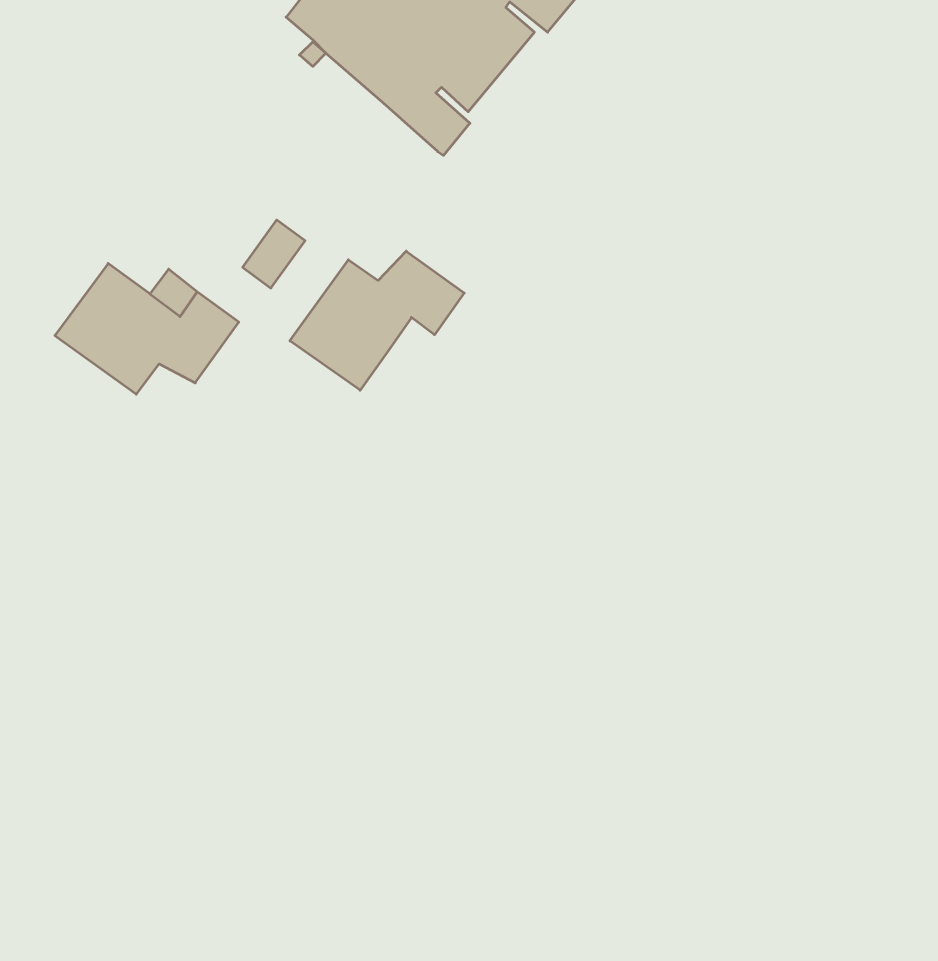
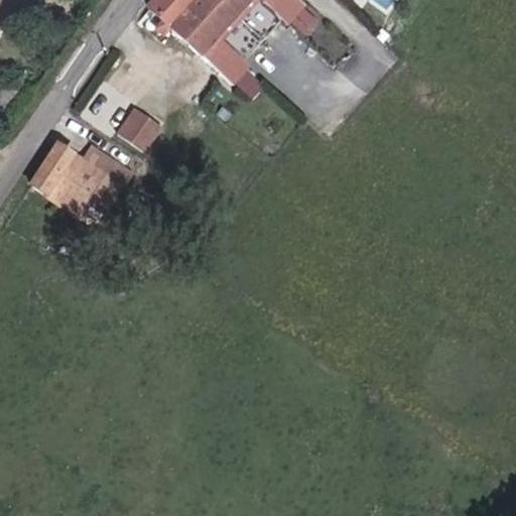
building: [290,251,464,390] -> none

